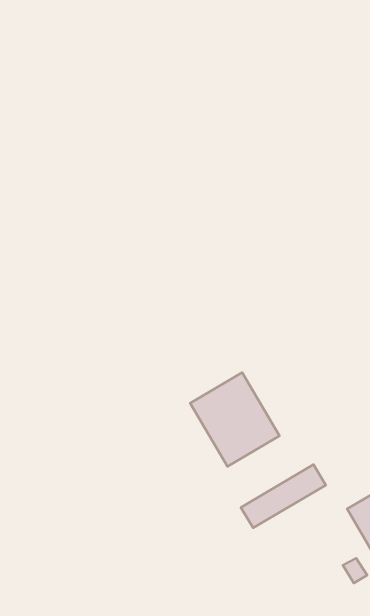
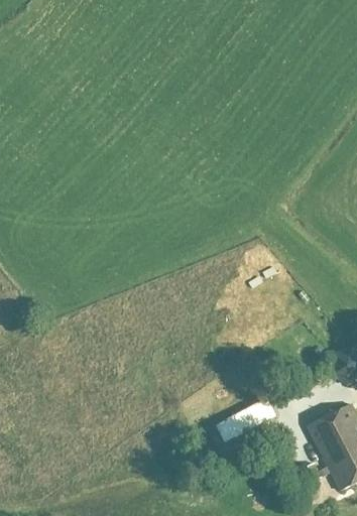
building: [190,373,279,466] -> none

